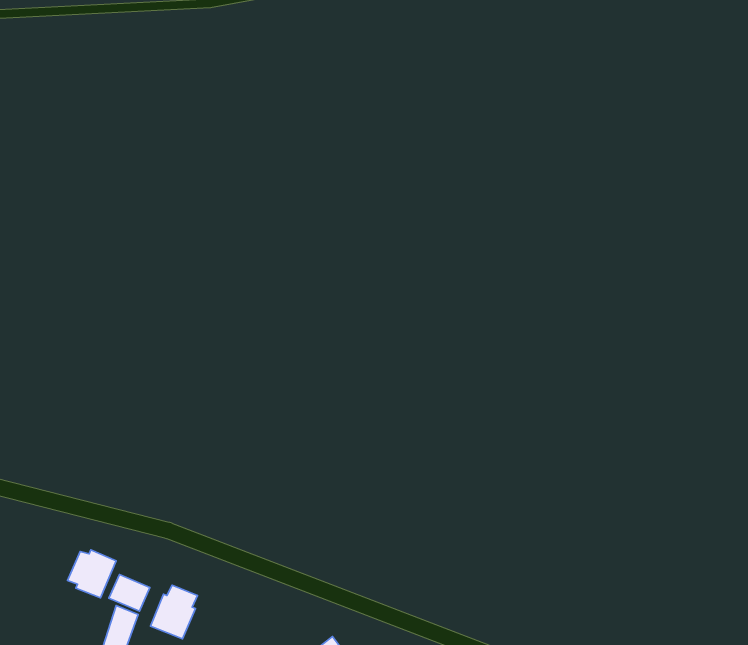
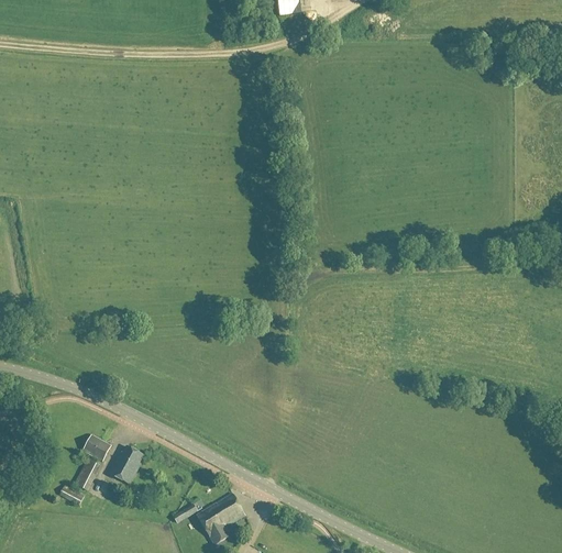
building: [68,550,116,598] -> none

